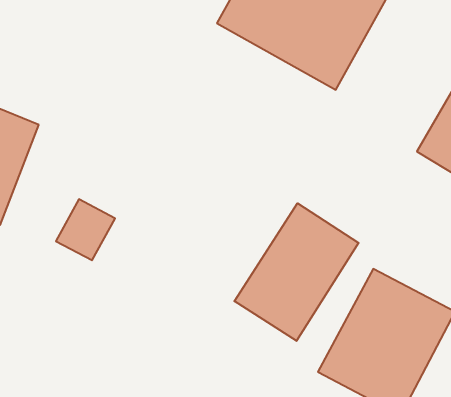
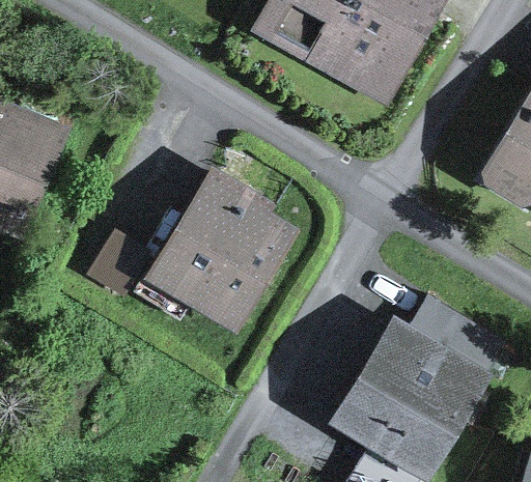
building: none -> [144,175,298,334]
building: [234,203,359,341] -> none

